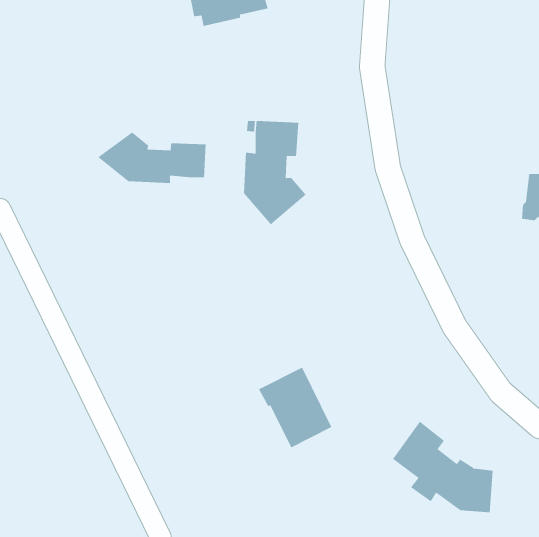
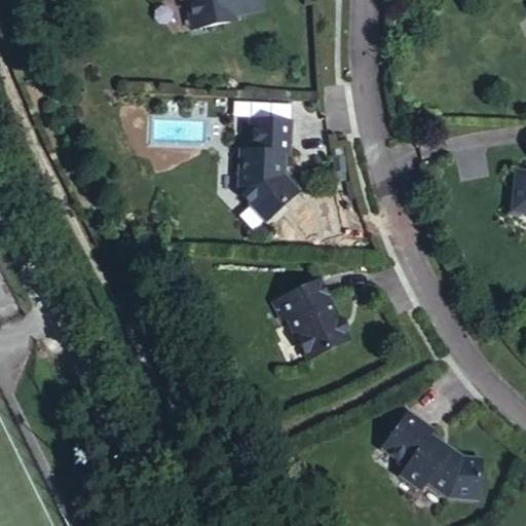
building: [97,131,206,184] -> none
building: [258,367,332,448] -> [276,278,348,358]

